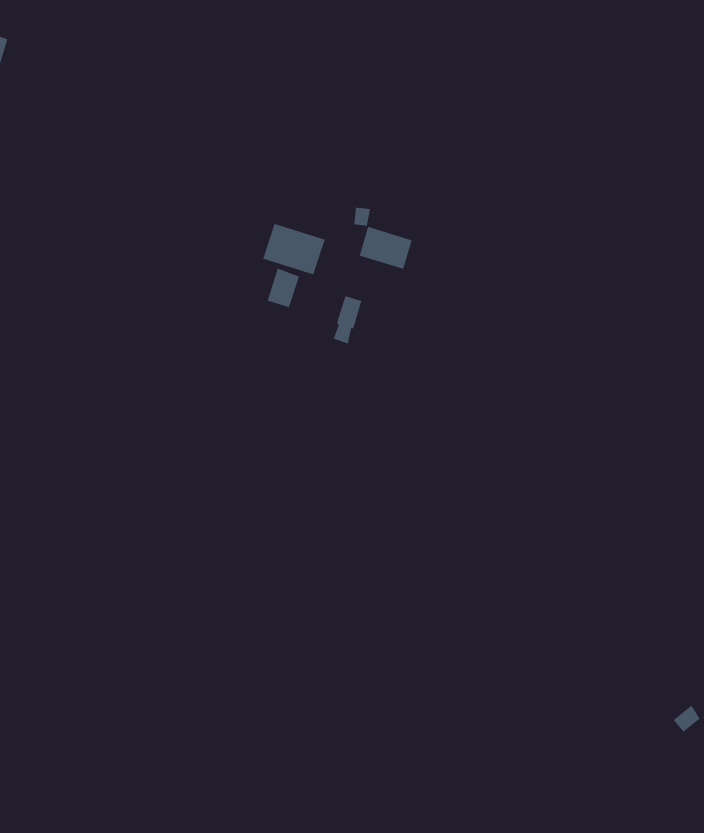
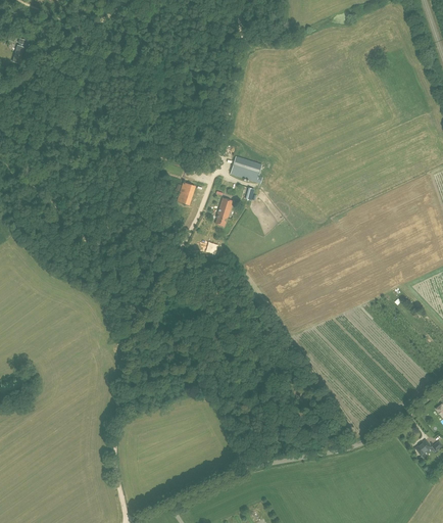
building: [262,223,325,275] -> none

